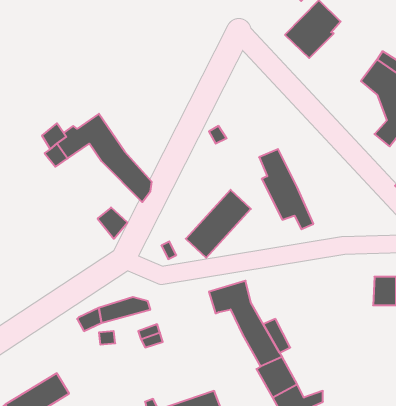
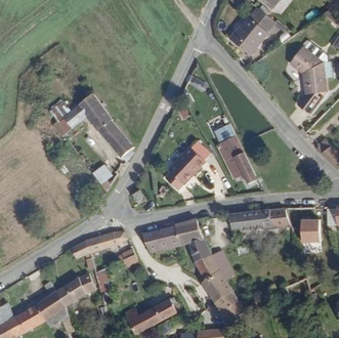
building: none -> [230,211,293,231]
building: none -> [142,227,177,253]
building: none -> [57,271,97,304]

